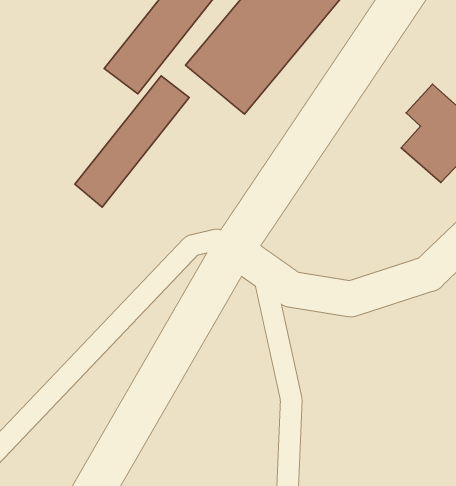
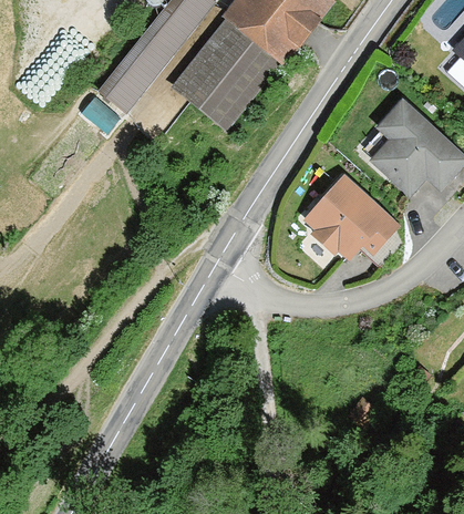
building: [75,76,189,207] -> none
building: none -> [305,176,398,260]

